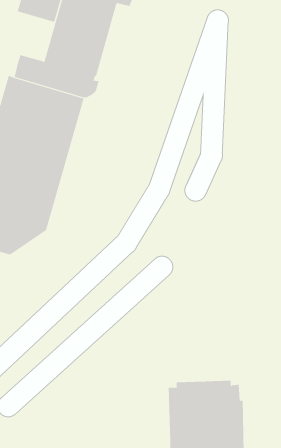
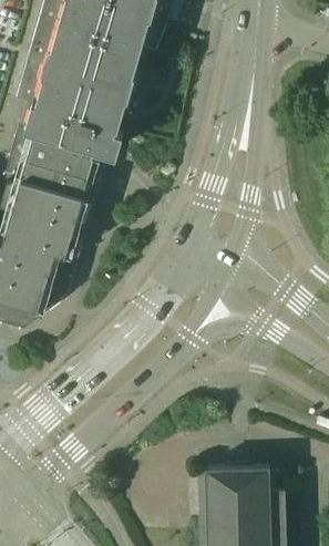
building: none -> [18,55,72,111]

